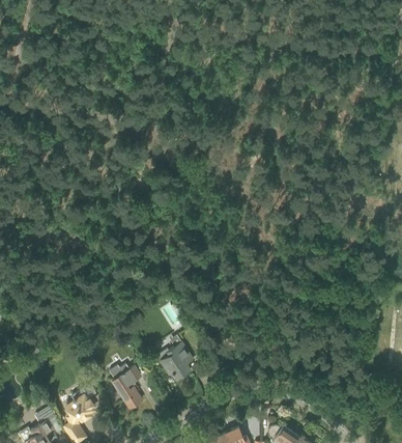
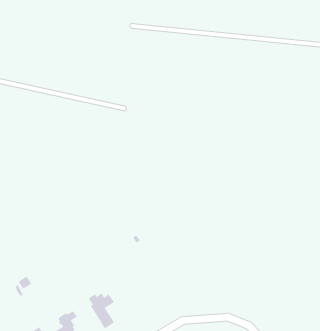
building: [159,342,193,378] -> none

